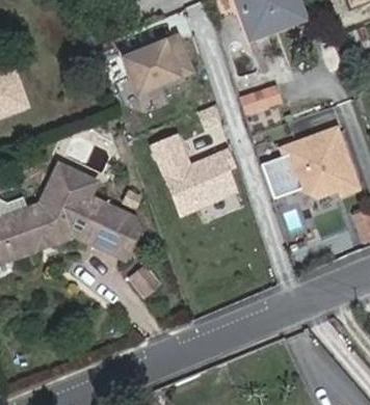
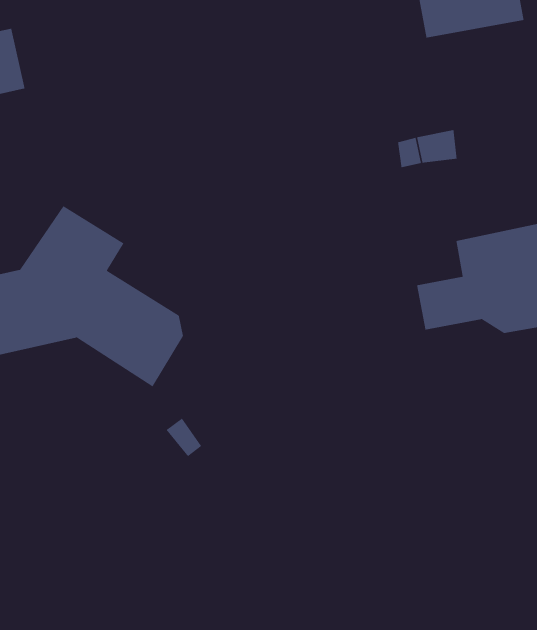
building: [124,36,197,99] -> none
building: [152,136,234,214] -> none

